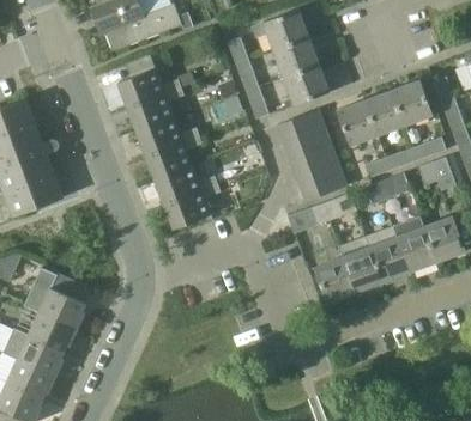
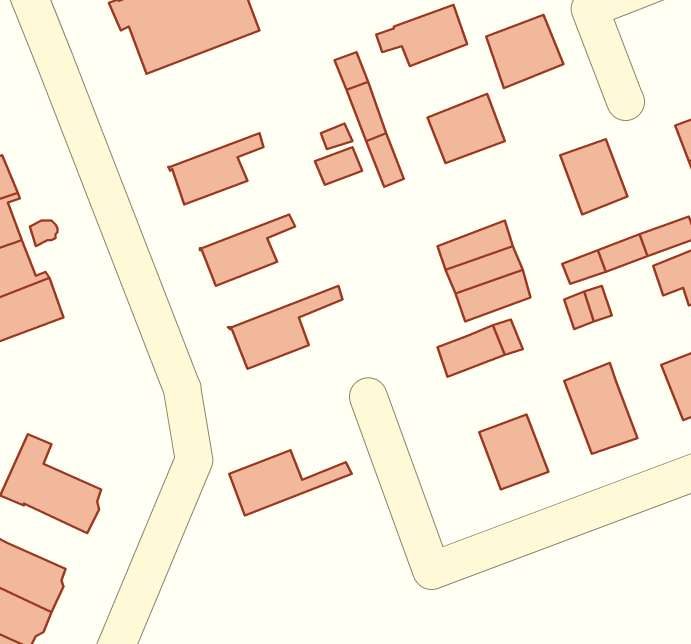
building: [272,32,319,77] -> [486,15,563,88]
building: [119,68,195,106] -> none
building: [391,79,433,124] -> none
building: [337,99,376,145] -> none
building: [278,109,330,154] -> none
building: [135,115,199,155] -> none
building: [155,164,229,203] -> [229,450,352,515]
building: [397,226,437,270] -> none
building: [339,236,382,291] -> none
building: [29,310,77,349] -> none

